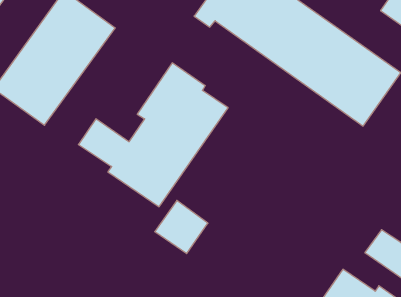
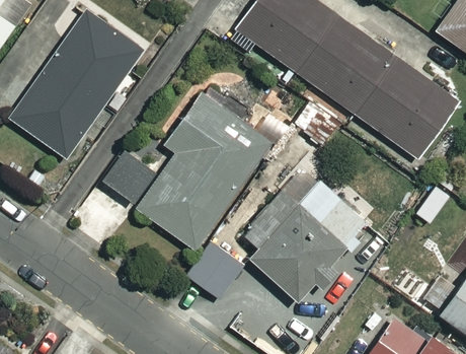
building: none -> [244,165,368,301]

